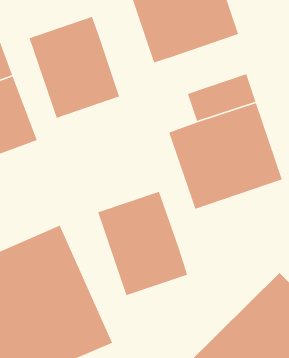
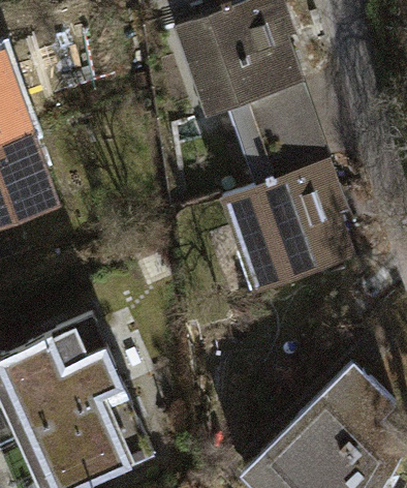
building: [28,16,120,119] -> none
building: none -> [228,83,316,152]
building: [97,191,188,296] -> none

